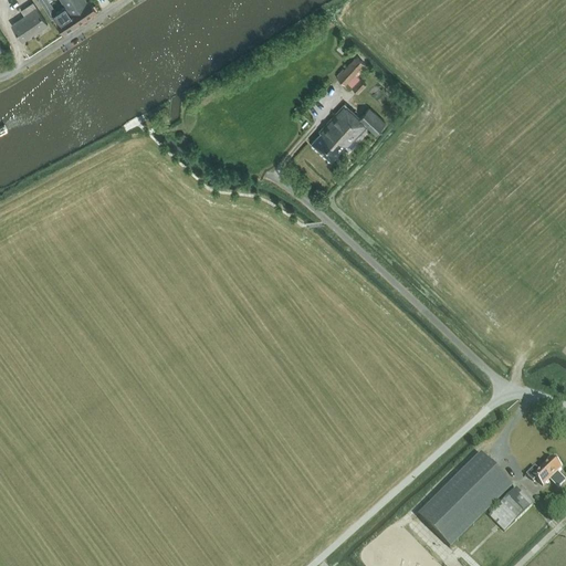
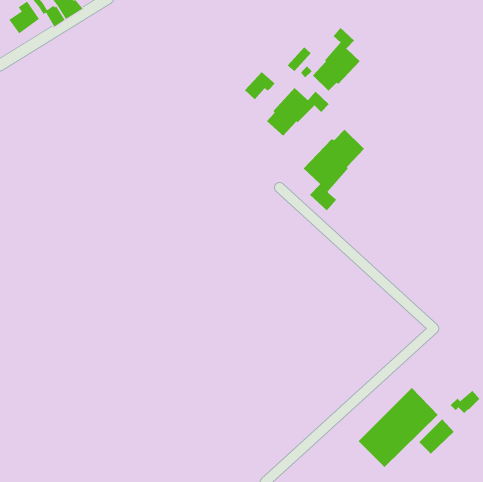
building: none -> [312,27,360,92]
building: none -> [244,71,275,100]
building: none -> [303,129,365,211]

